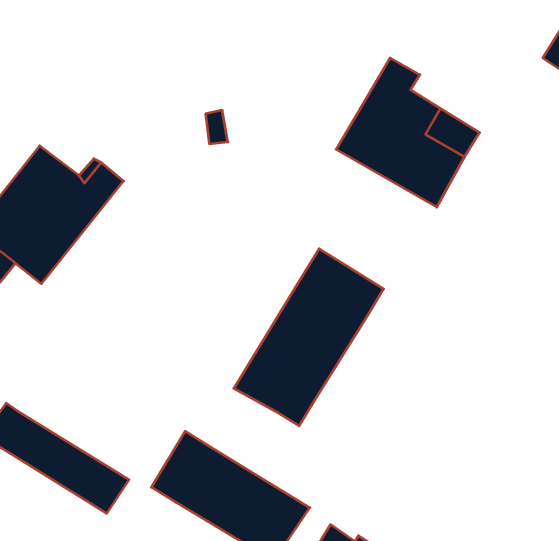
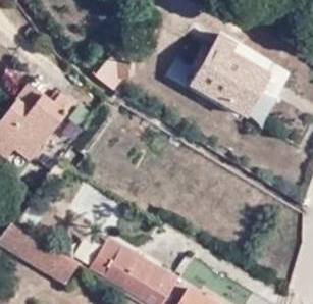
building: [234,249,384,426] -> none

